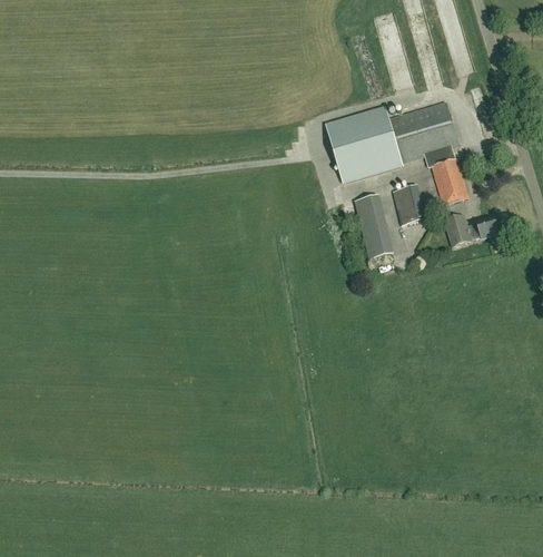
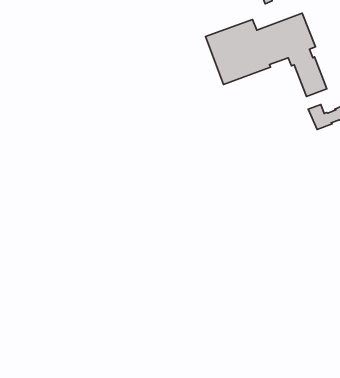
building: [392,186,417,225] -> none
building: [355,189,391,252] -> none

